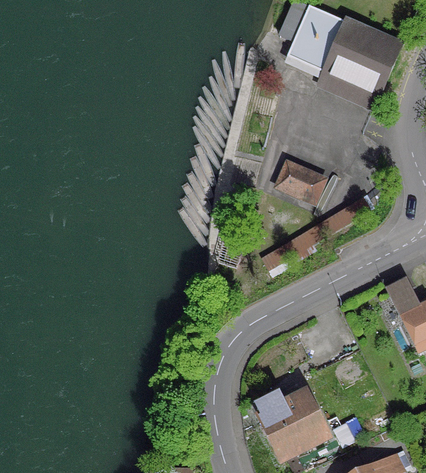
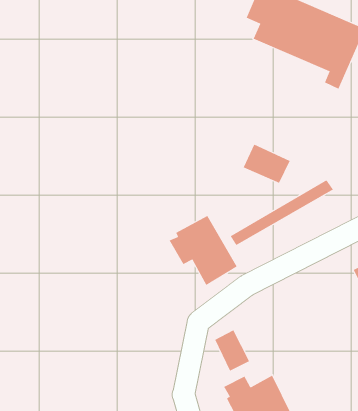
building: none -> [169,215,238,286]
building: none -> [215,329,250,372]

